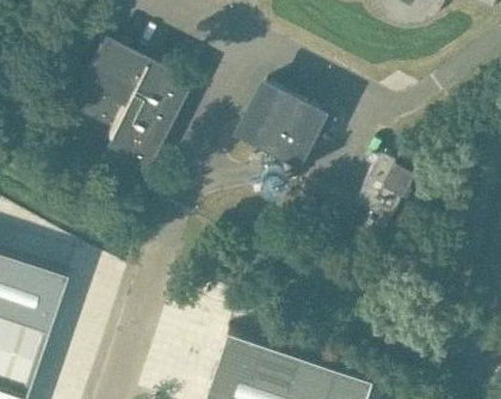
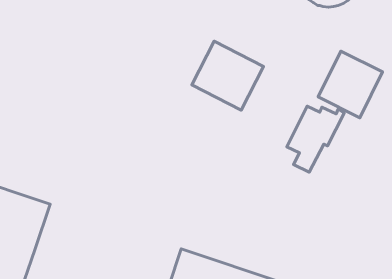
building: [75,37,192,174] -> none
building: none -> [318,51,383,118]

